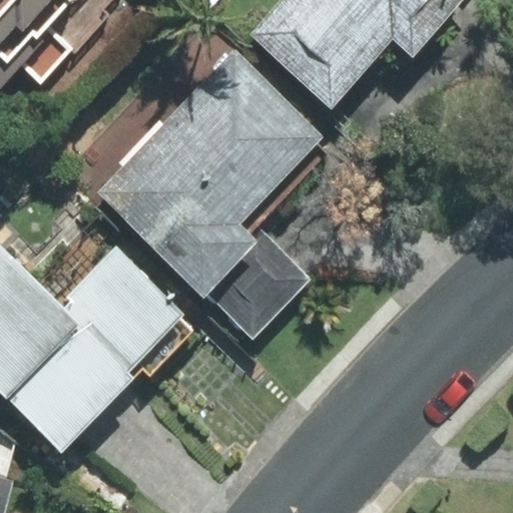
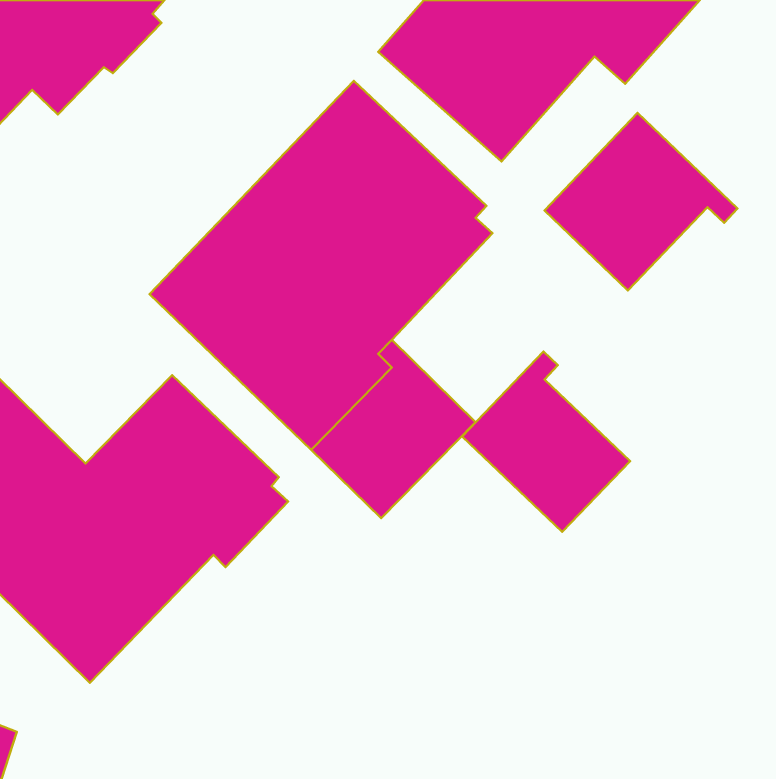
building: none -> [544,113,738,290]
building: none -> [462,352,630,532]

